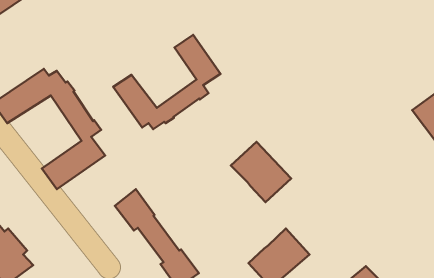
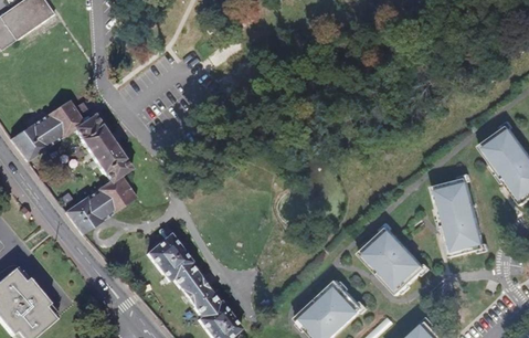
building: [113,35,220,129] -> none
building: none -> [432,177,484,256]
building: [231,142,291,202] -> [358,226,425,294]

